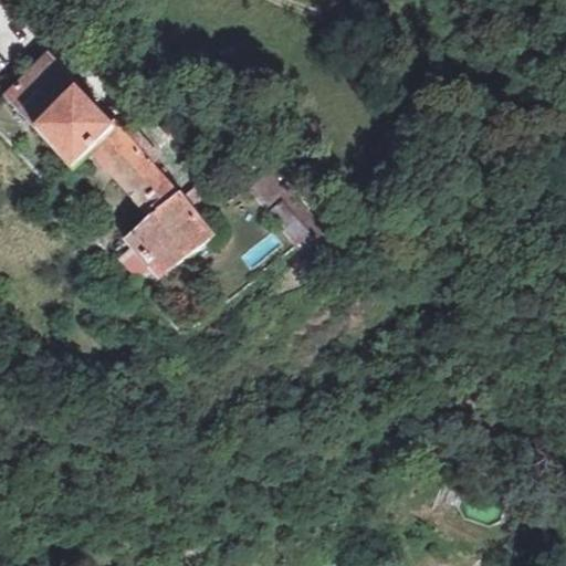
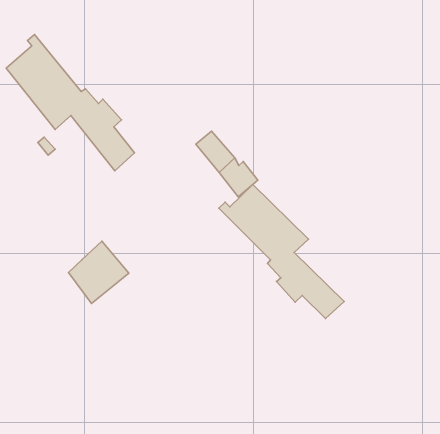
building: [129,196,207,275] -> [68,241,129,303]
building: none -> [219,185,344,319]

